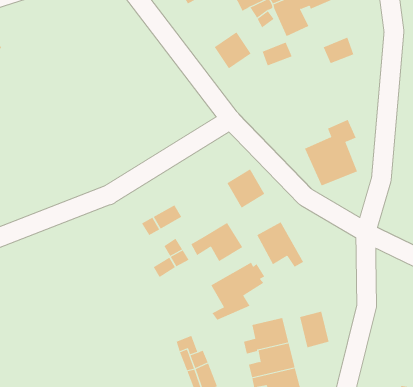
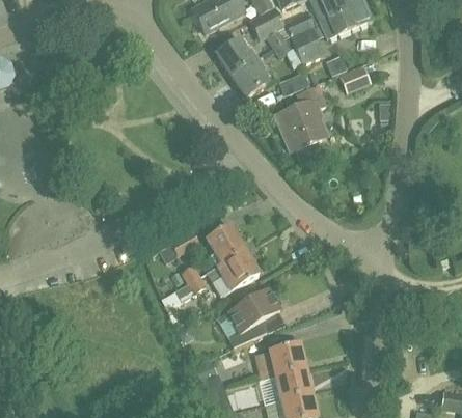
building: none -> [216,38,253,75]
building: [304,119,358,186] -> [274,84,327,150]
building: [226,169,265,208] -> [206,223,244,262]
building: [256,222,304,268] -> none
building: [299,311,329,348] -> none

